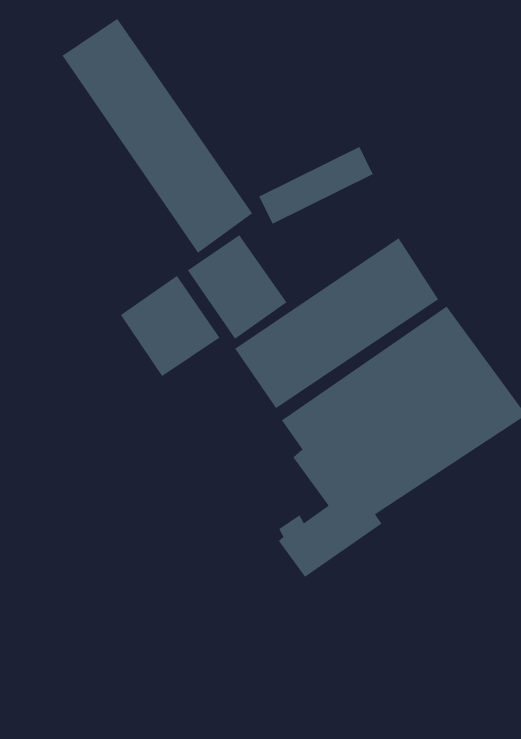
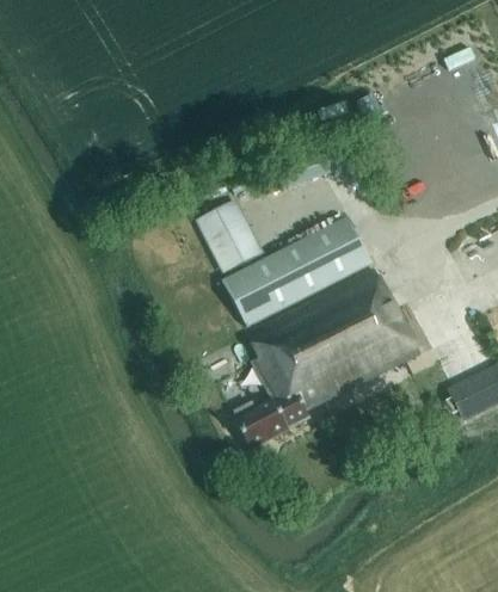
building: [61,18,253,254] -> none
building: [120,275,221,377] -> none

